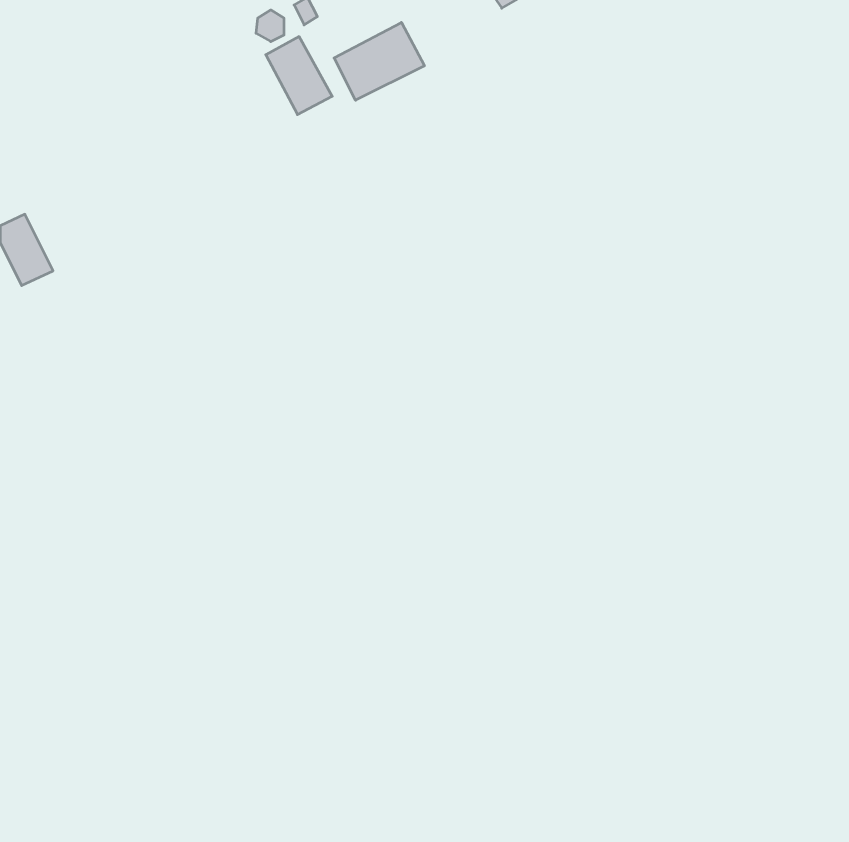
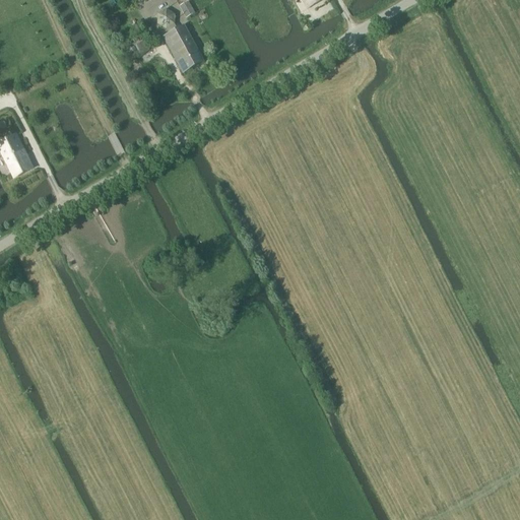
building: [334,22,424,100] -> none

